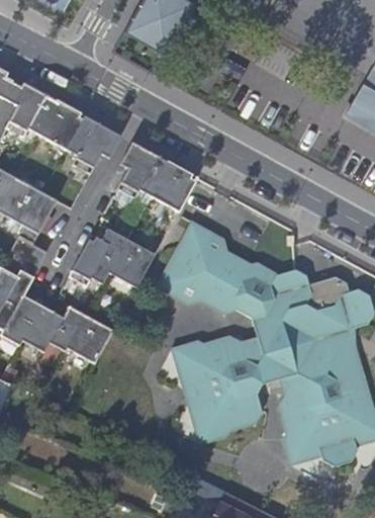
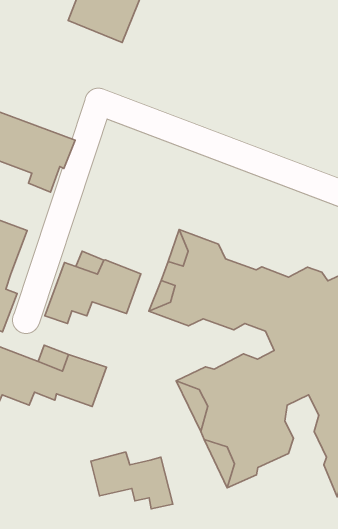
building: [117,145,197,211] -> none
building: none -> [91,452,173,509]

